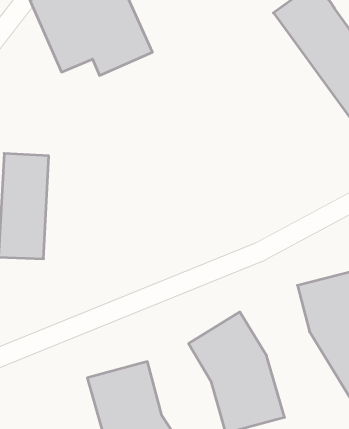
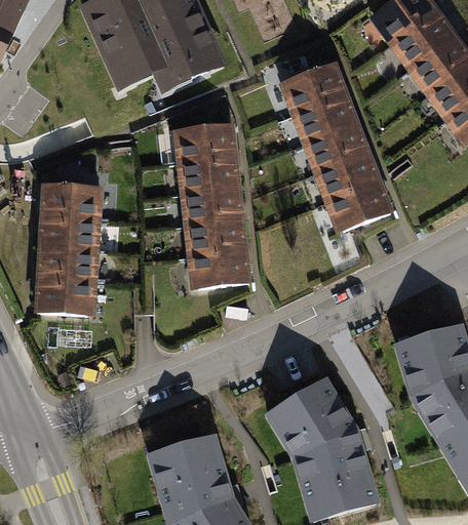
building: none -> [282,64,390,231]
building: none -> [177,125,252,289]

